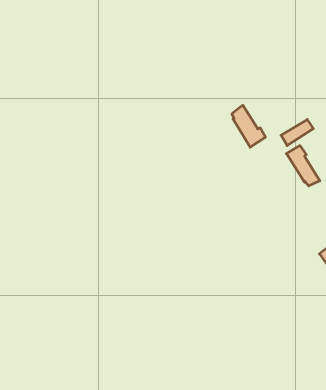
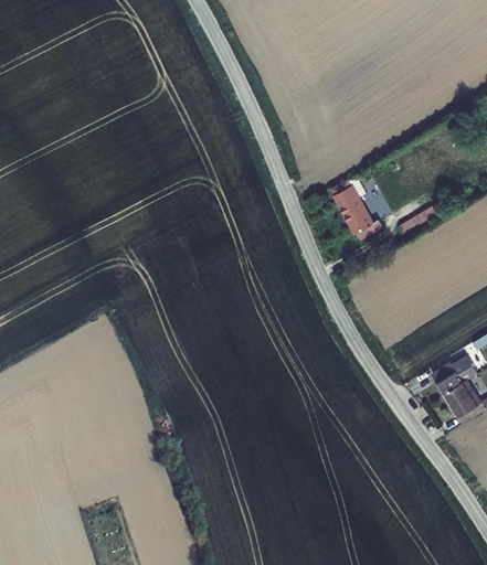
building: [286,146,320,186] -> none

